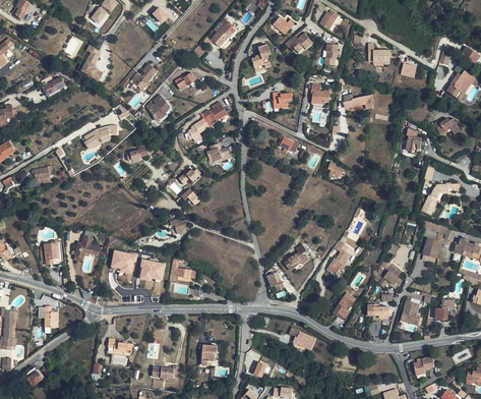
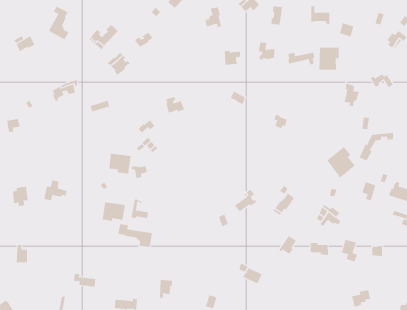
building: none -> [319,47,339,71]
building: [187,106,227,139] -> none
building: none -> [326,146,356,178]
building: [110,250,135,274] -> [108,153,132,174]
building: none -> [118,224,152,248]

